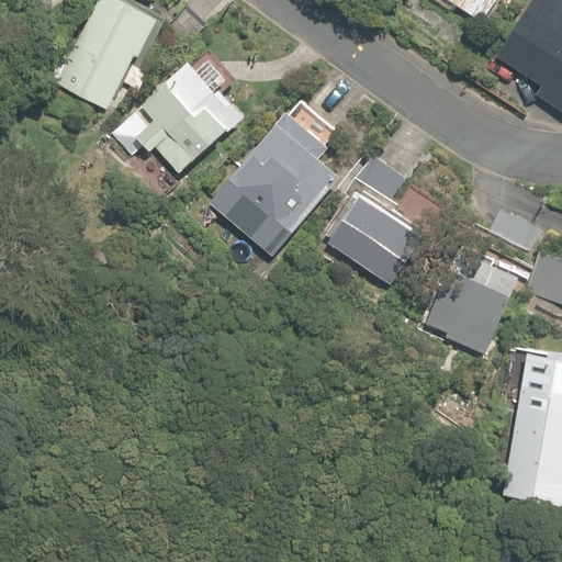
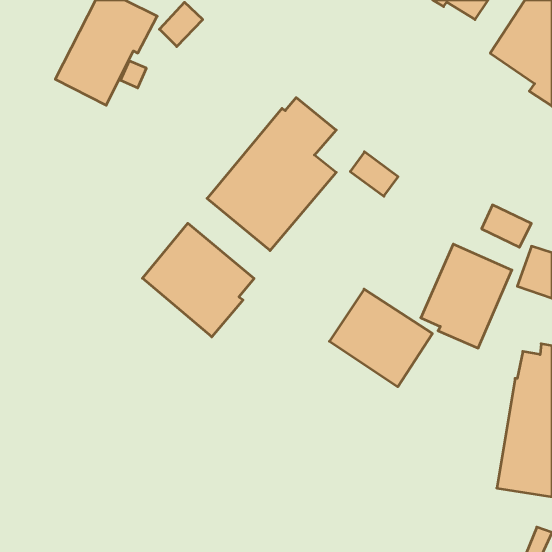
building: [110,49,244,172] -> none
building: [322,186,426,284] -> [329,289,432,387]
building: none -> [142,223,254,337]

